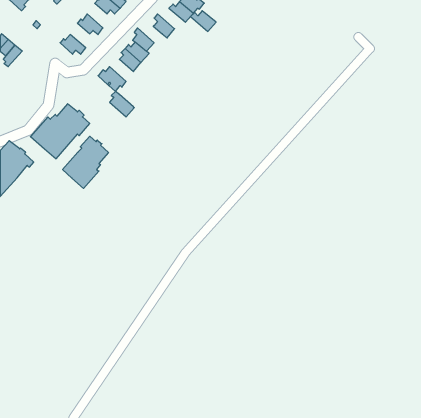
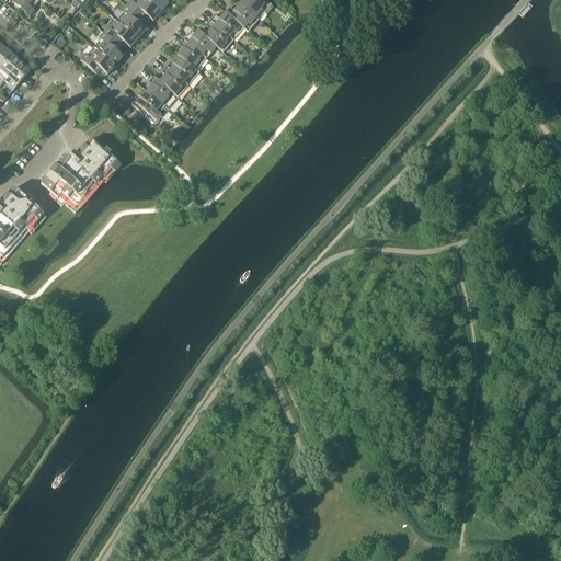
building: none -> [116,4,145,37]
building: [191,11,216,31] -> [209,11,243,38]
building: none -> [183,28,216,57]
building: none -> [93,31,122,64]
building: [110,91,134,117] -> [146,75,179,108]
building: [63,136,108,188] -> none

